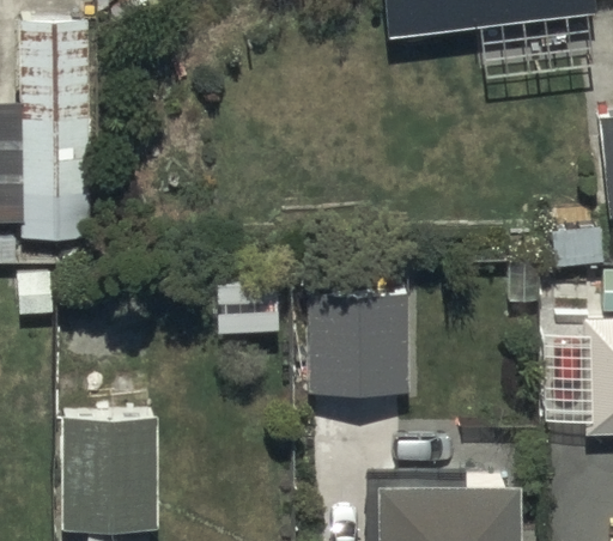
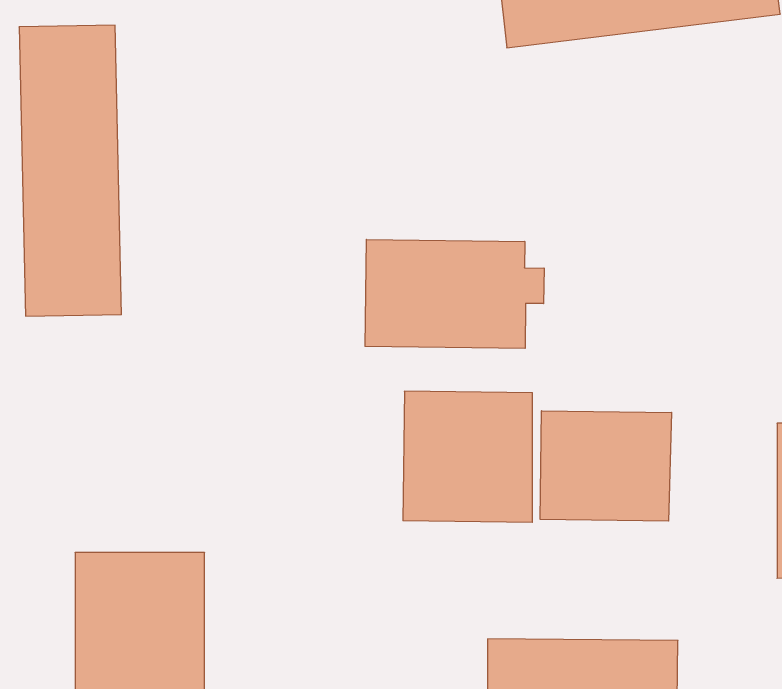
building: none -> [365,239,544,348]
building: none -> [540,411,672,521]

